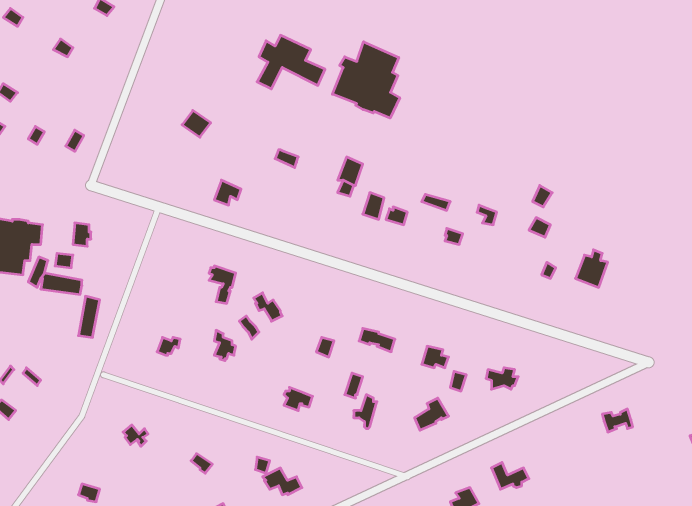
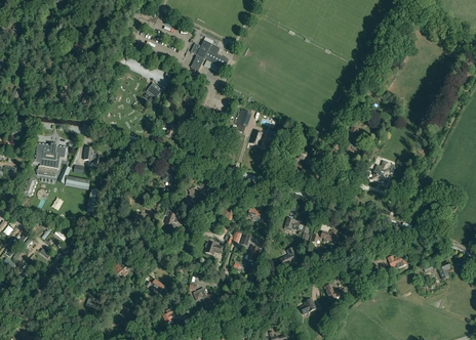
building: [332,42,400,118] -> none

